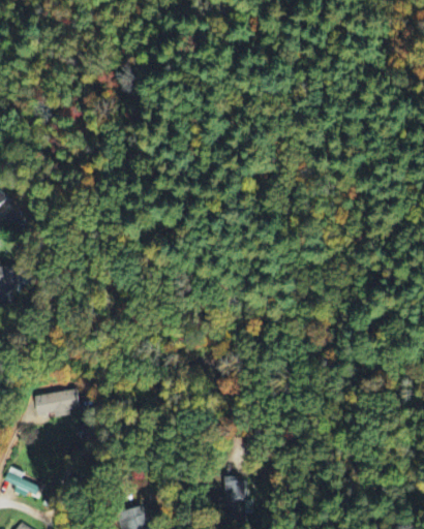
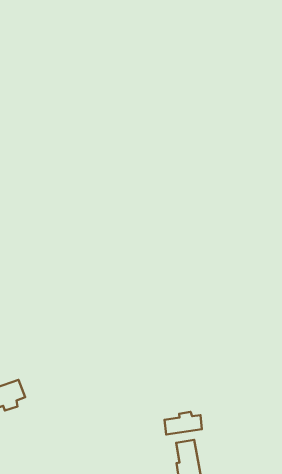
building: none -> [164,412,202,435]

